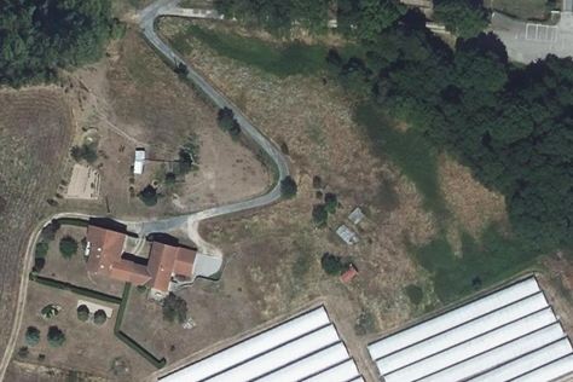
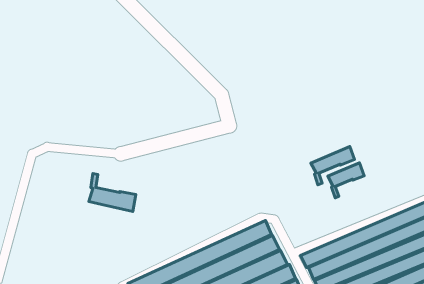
building: none -> [311,146,355,185]
building: [85,230,123,279] -> none
building: none -> [328,163,364,198]
building: [147,244,190,276] -> none

